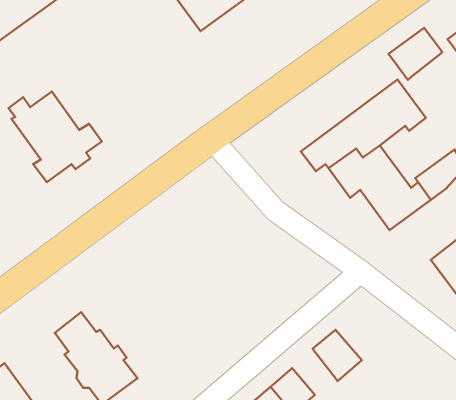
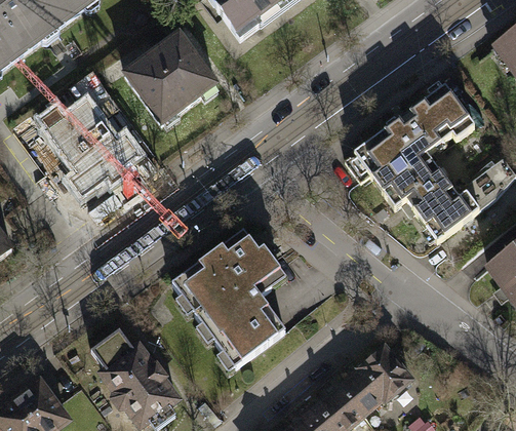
building: none -> [124,28,223,124]
building: [388,28,442,80] -> none
building: none -> [174,230,285,364]
building: none -> [338,367,383,414]

